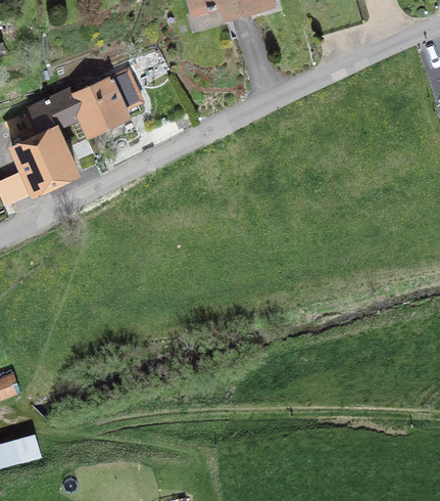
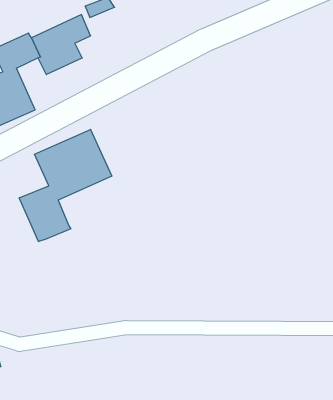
building: none -> [19,129,112,242]

